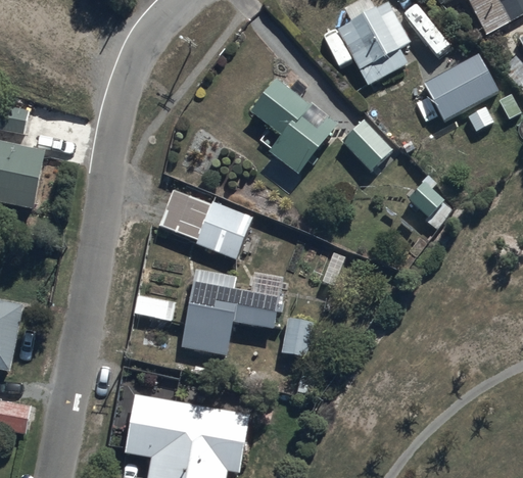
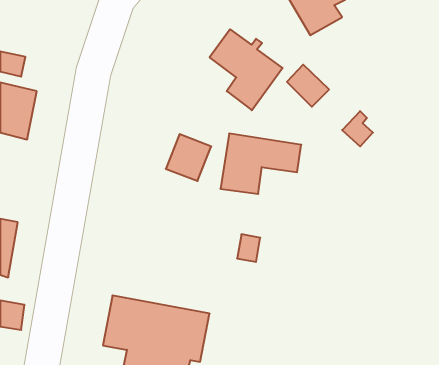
building: [417,54,498,131] -> none
building: [182,281,278,352] -> [220,134,301,194]

